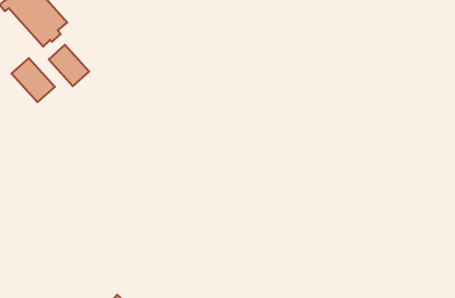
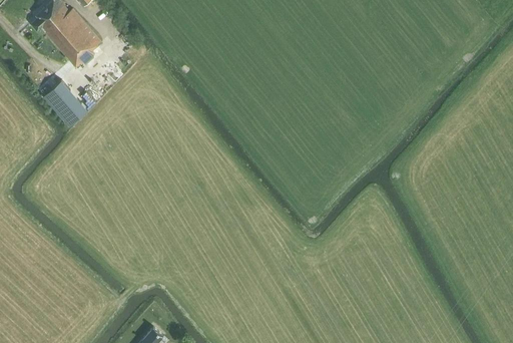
building: [49,45,89,86] -> none

